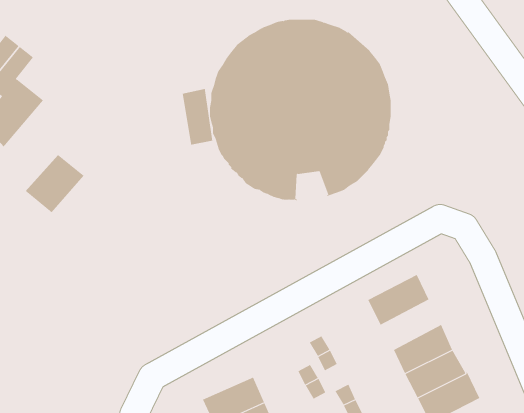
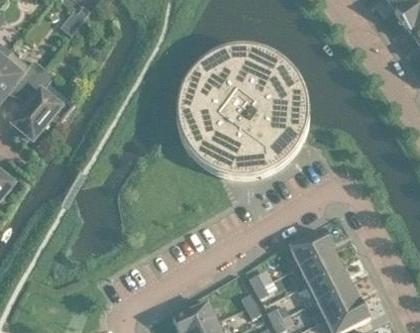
building: [182,88,213,146] -> none
building: [25,153,85,213] -> none
building: none -> [299,248,342,284]

